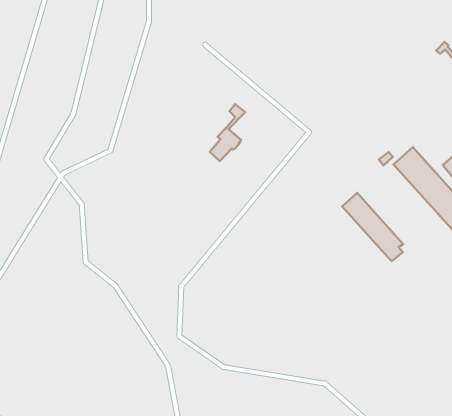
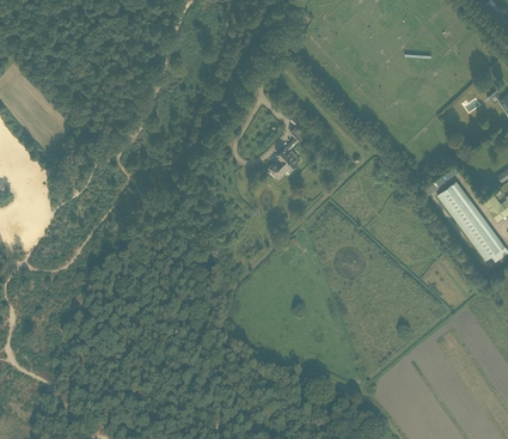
building: [342,193,403,261] -> none

